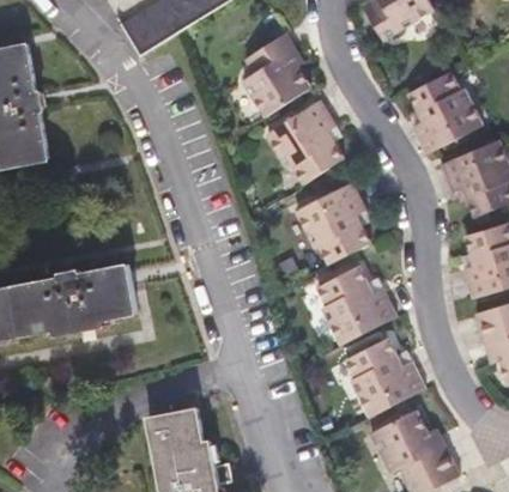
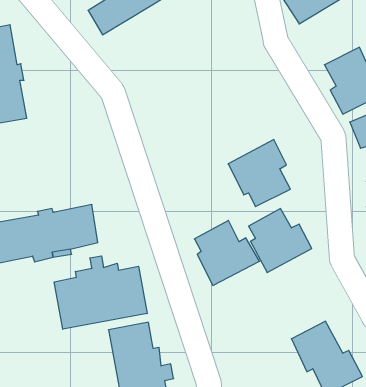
building: [241,37,309,116] -> none
building: [262,103,340,184] -> none
building: none -> [54,256,147,329]
building: [346,336,426,417] -> [194,220,260,286]

